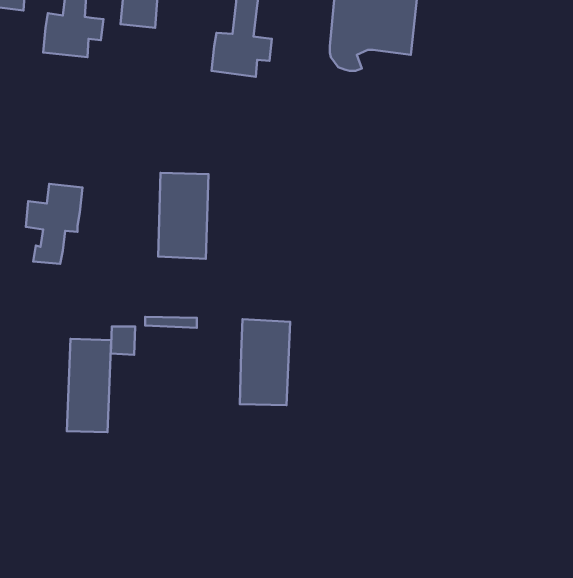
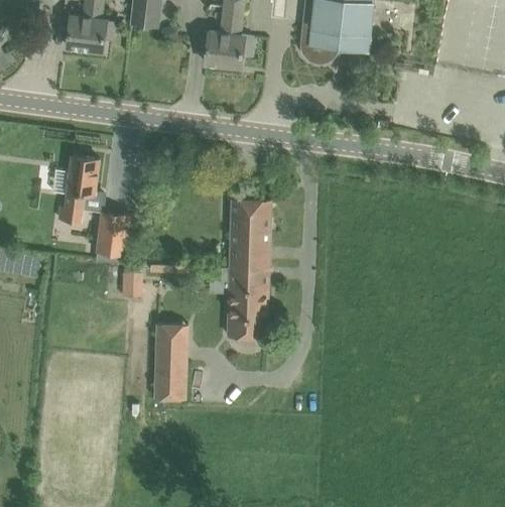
building: [158,173,208,259] -> [229,199,270,269]
building: none -> [96,212,129,255]
building: [67,339,111,432] -> [152,324,188,400]

